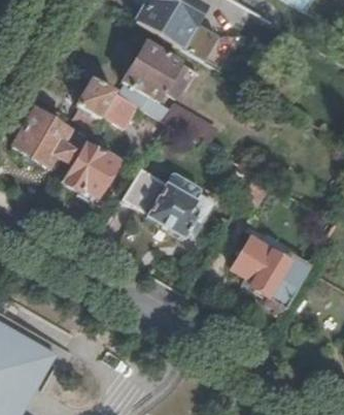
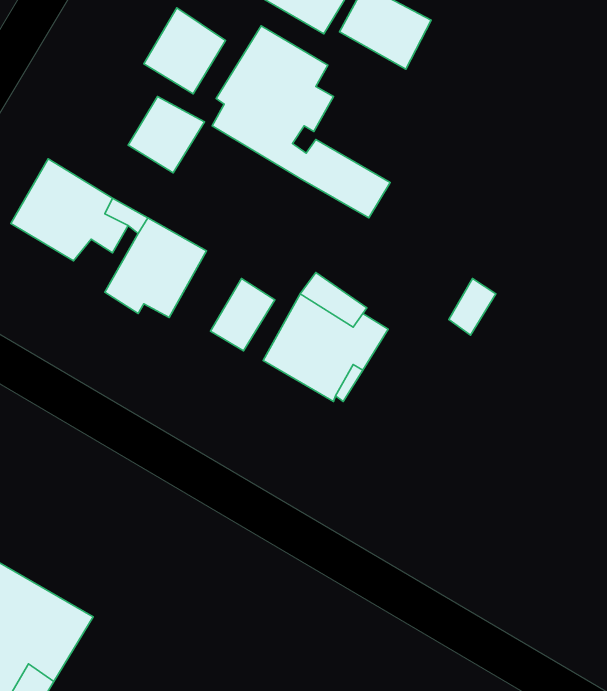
building: none -> [144,8,226,94]
building: [231,238,310,310] -> none

